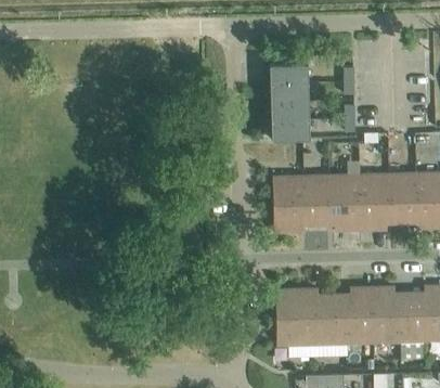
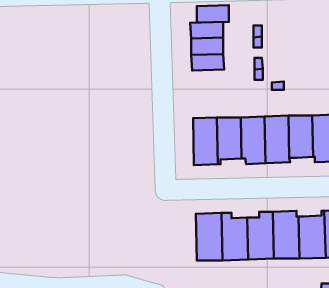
building: [272,119,310,140] -> [197,5,229,23]

